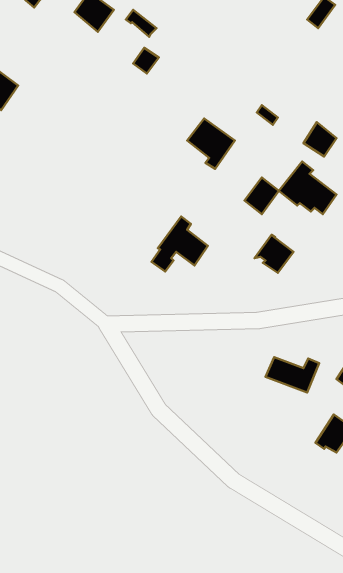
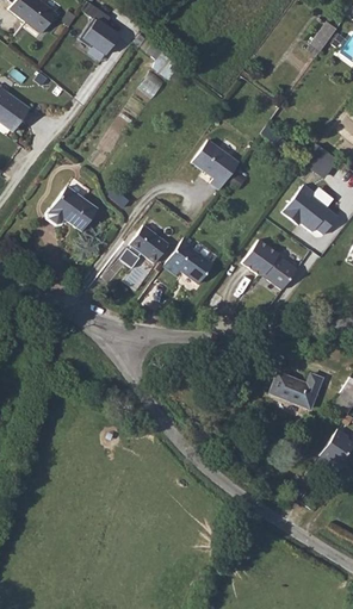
building: none -> [50,187,98,234]
building: [245,177,279,214] -> [242,241,275,276]
building: none -> [129,225,169,265]

